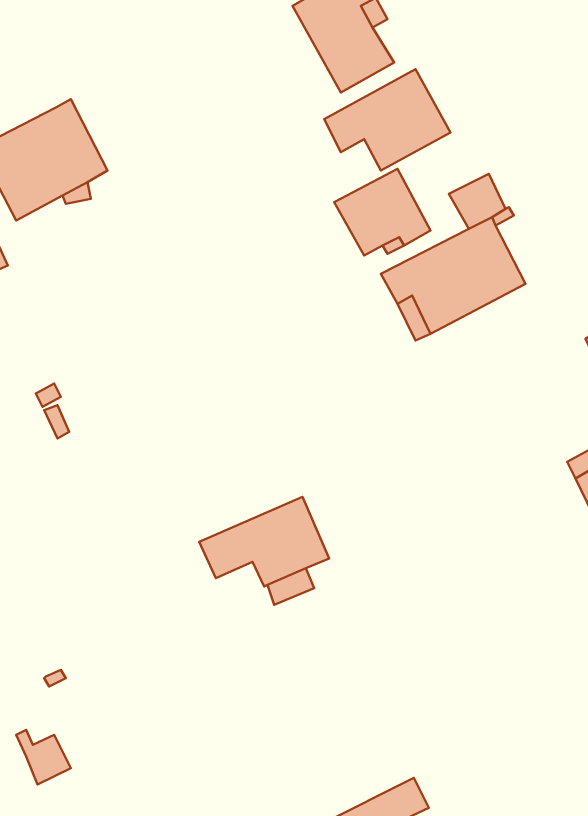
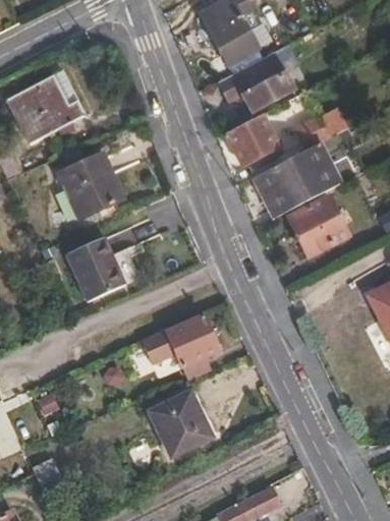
building: none -> [58,152,125,219]
building: none -> [286,194,350,258]
building: none -> [66,236,126,301]
building: none -> [150,391,212,457]

